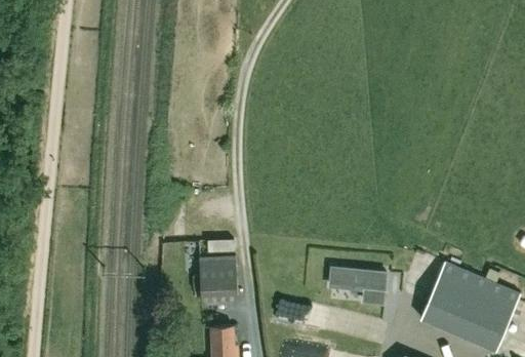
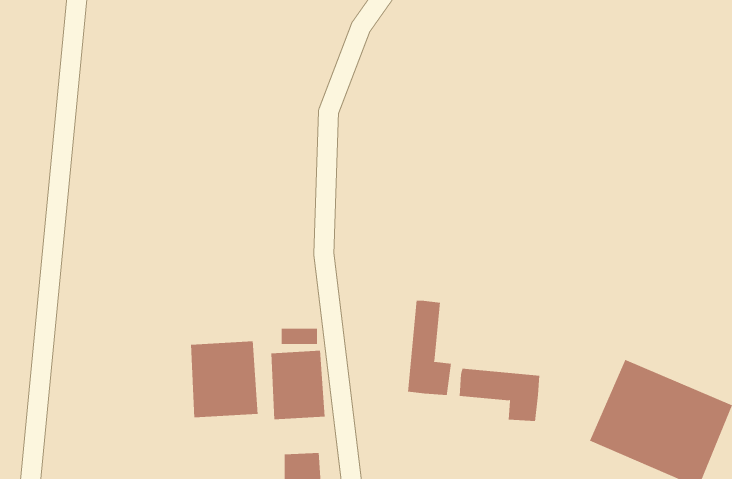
building: none -> [408,300,451,396]
building: none -> [191,341,258,418]

